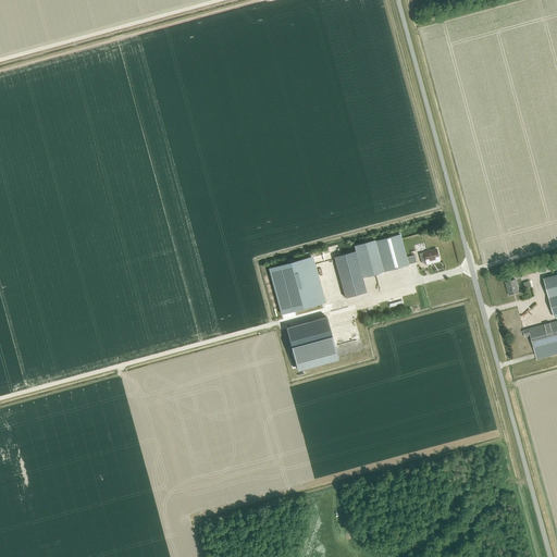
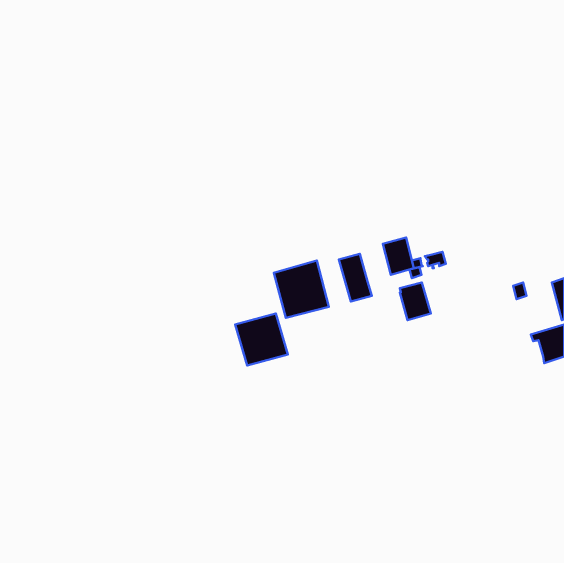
building: [355,240,385,277] -> [400,282,431,320]
building: [286,317,338,368] -> [235,314,288,365]

